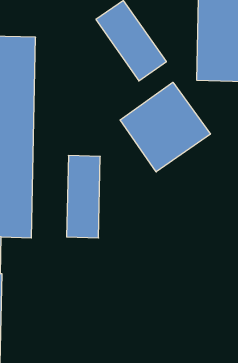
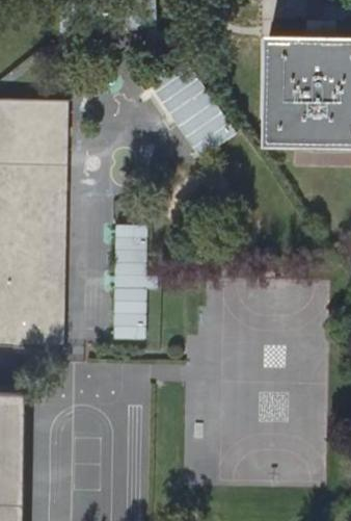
building: [120,82,210,172] -> none

